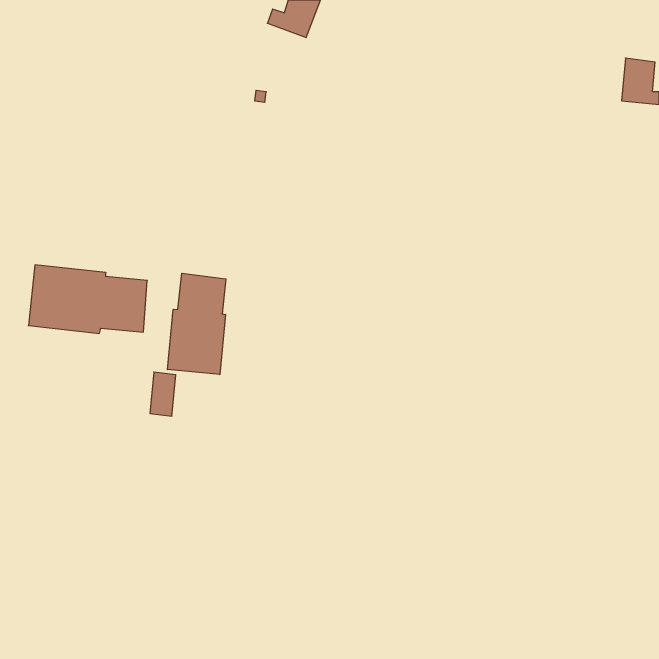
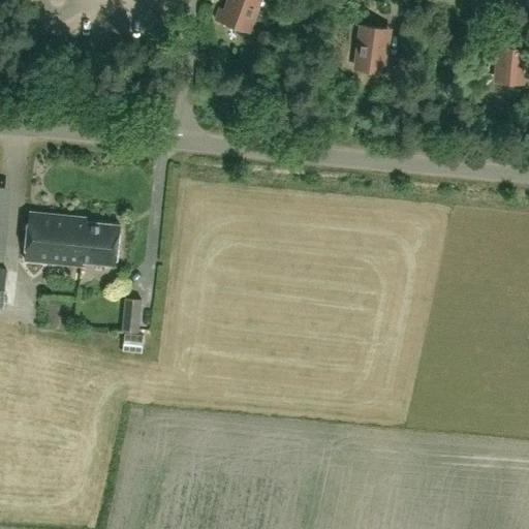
building: none -> [356,26,392,74]
building: [168,273,226,375] -> none

